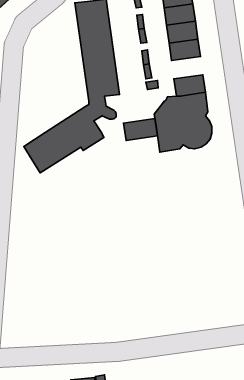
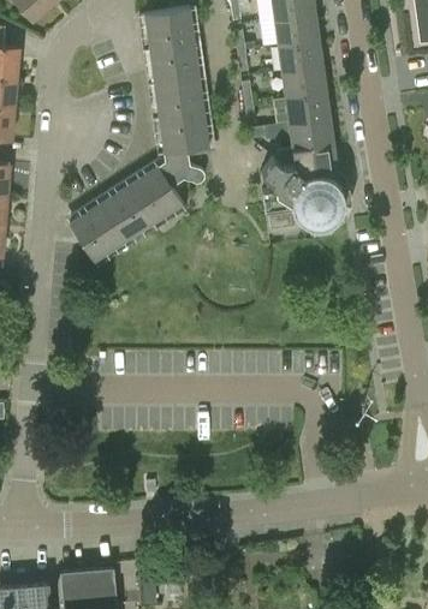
building: none -> [285,91,331,124]
building: [123,118,158,141] -> none

